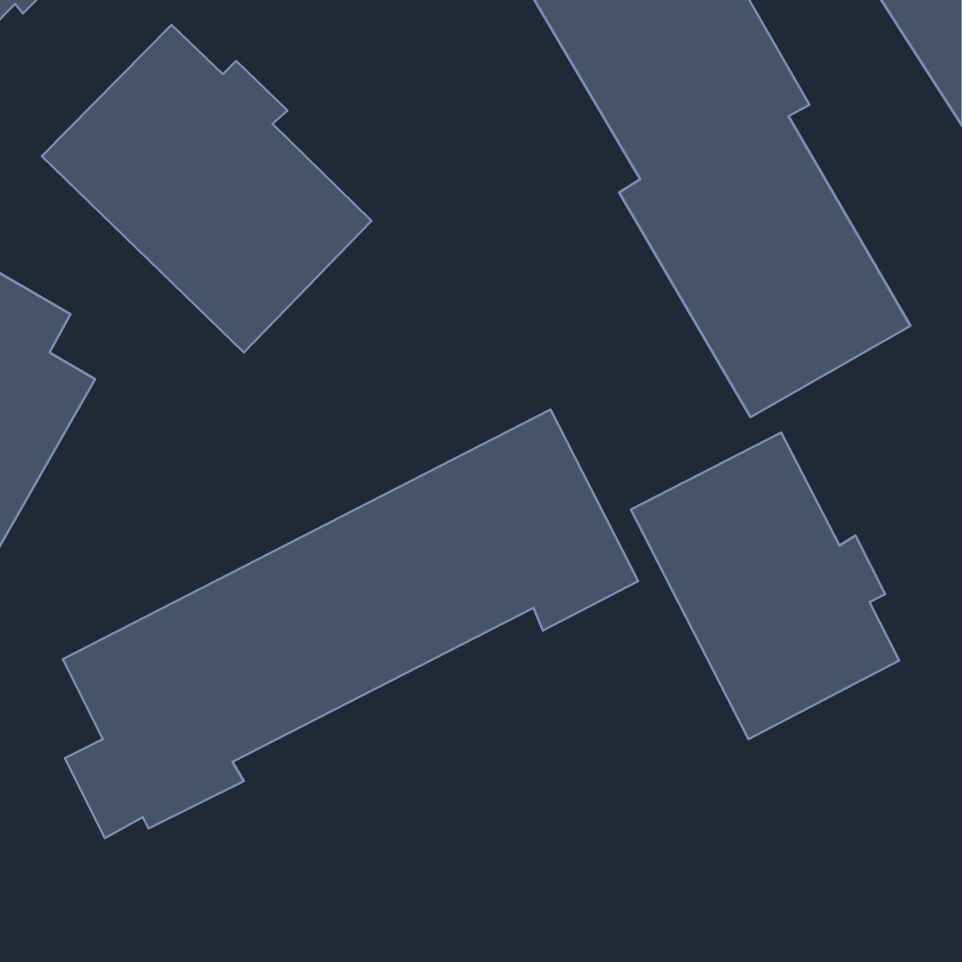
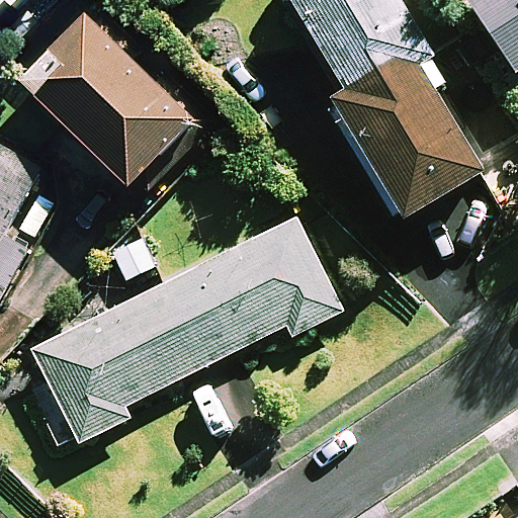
building: [631,433,899,739] -> none

